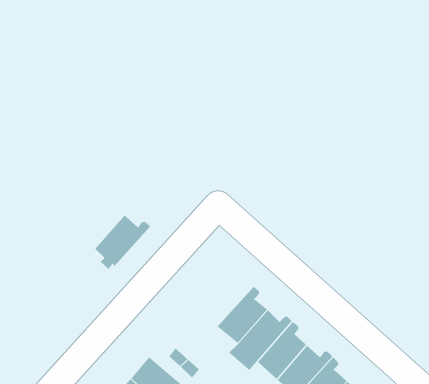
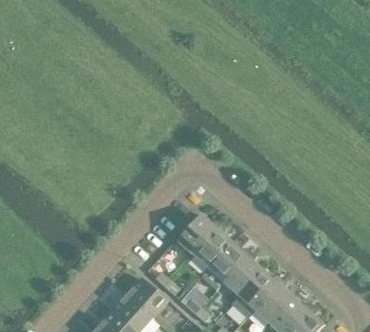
building: [95,215,151,270] -> [177,215,220,257]

